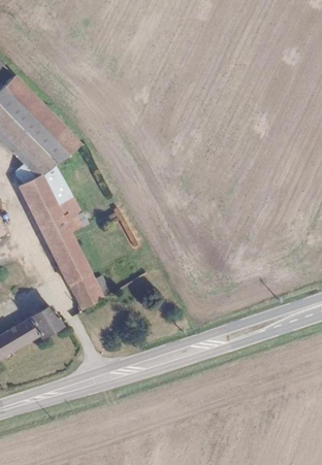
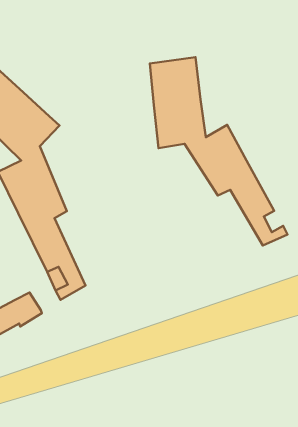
building: none -> [150,57,287,246]

